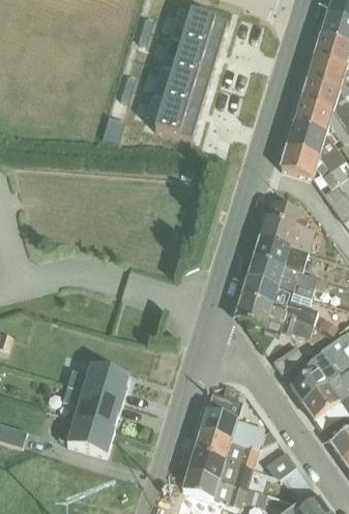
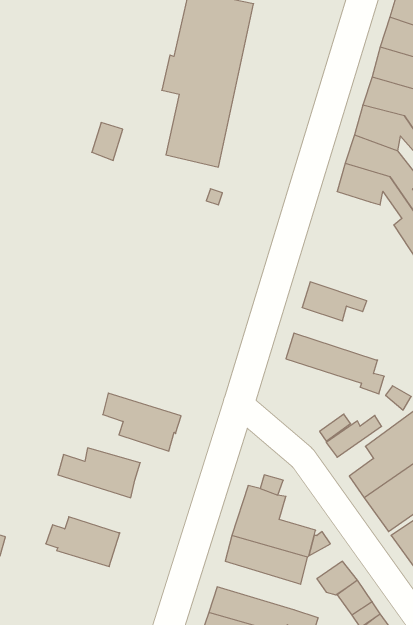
building: [260,199,316,252] -> none
building: [248,256,326,297] -> none
building: [236,296,313,337] -> none
building: [62,385,122,429] -> [103,393,181,451]
building: [188,451,253,488] -> none

